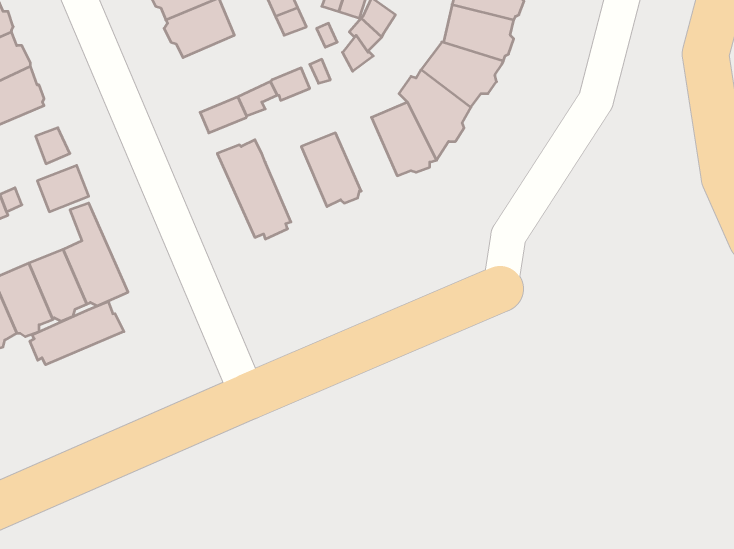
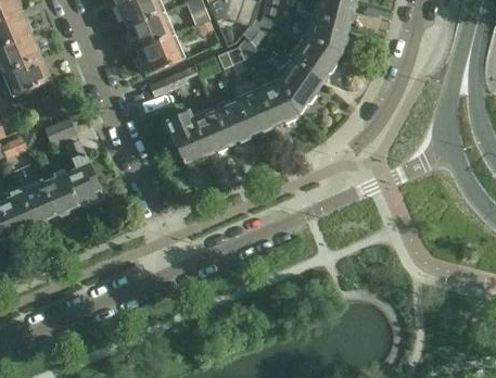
building: none -> [136,35,181,74]
building: none -> [234,87,274,134]
building: none -> [190,105,229,153]
building: [30,302,124,365] -> none

